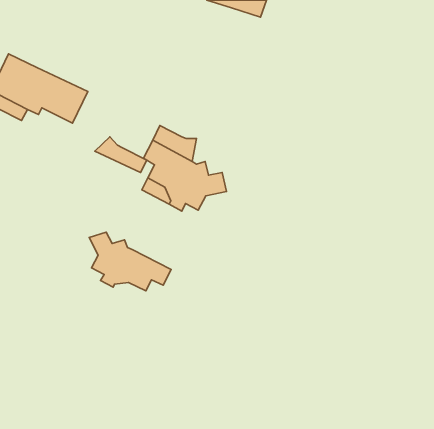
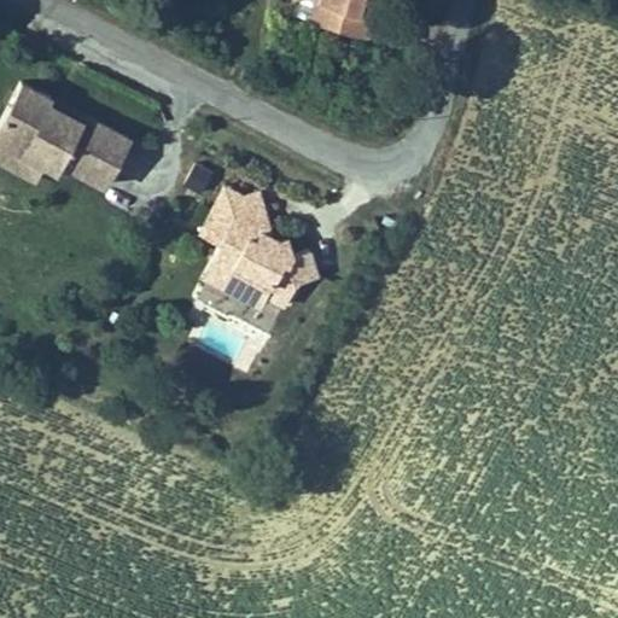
building: [95,137,147,173] -> none
building: [89,232,171,291] -> none

